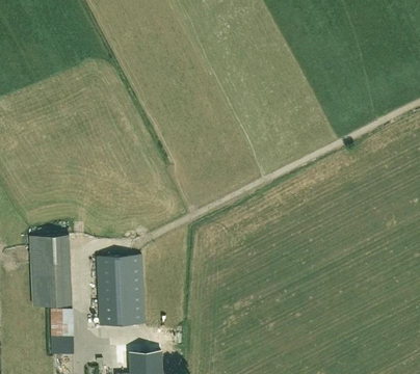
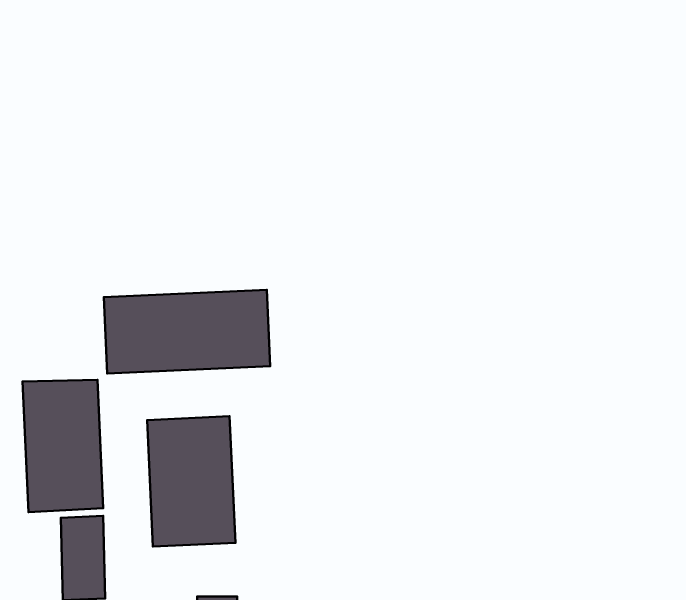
building: none -> [104,290,270,374]

